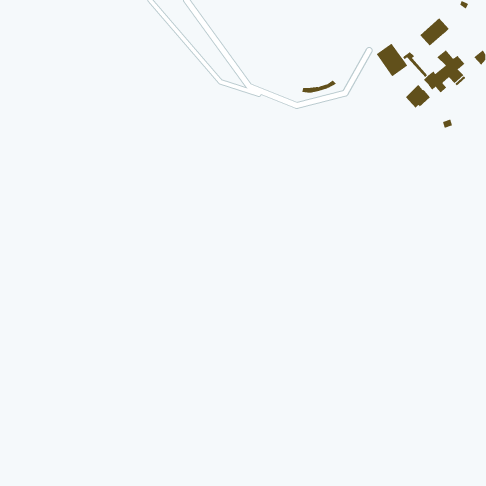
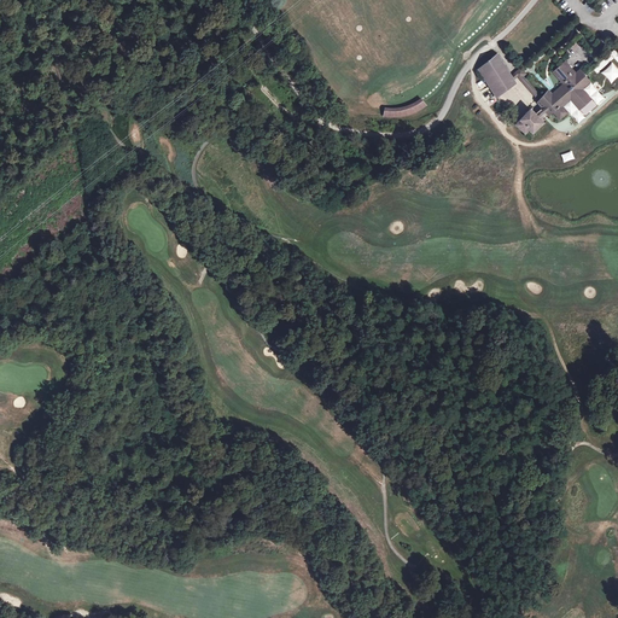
building: [420,18,449,46] -> none

